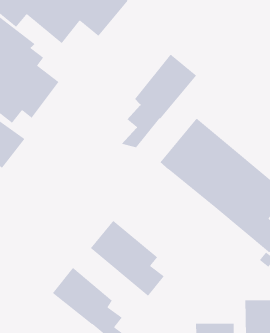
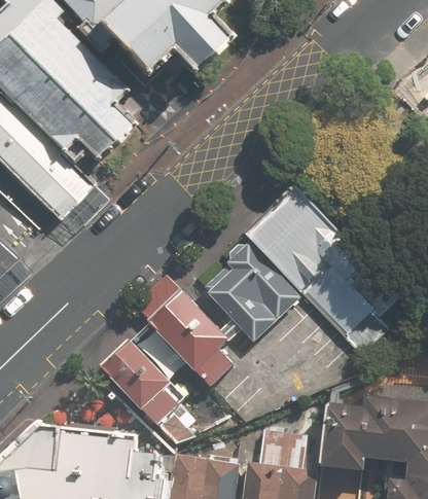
building: [121,53,197,148] -> none
building: none -> [205,242,304,342]

